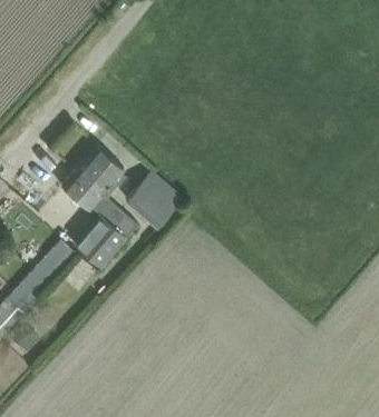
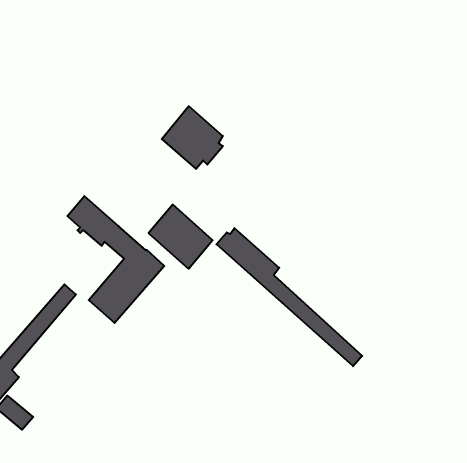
building: [75,145,123,193] -> [162,106,223,169]
building: none -> [216,228,362,366]

